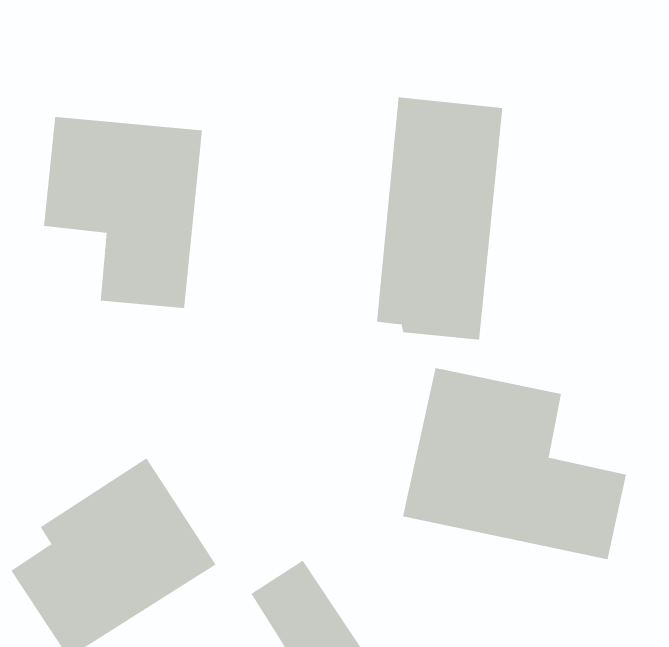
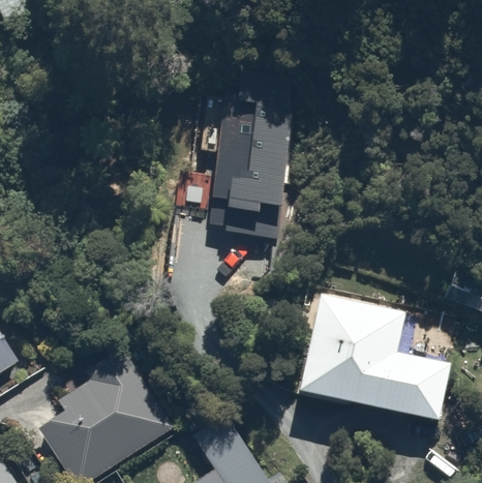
building: [376,97,503,340] -> [208,77,293,239]
building: [44,116,202,309] -> none

